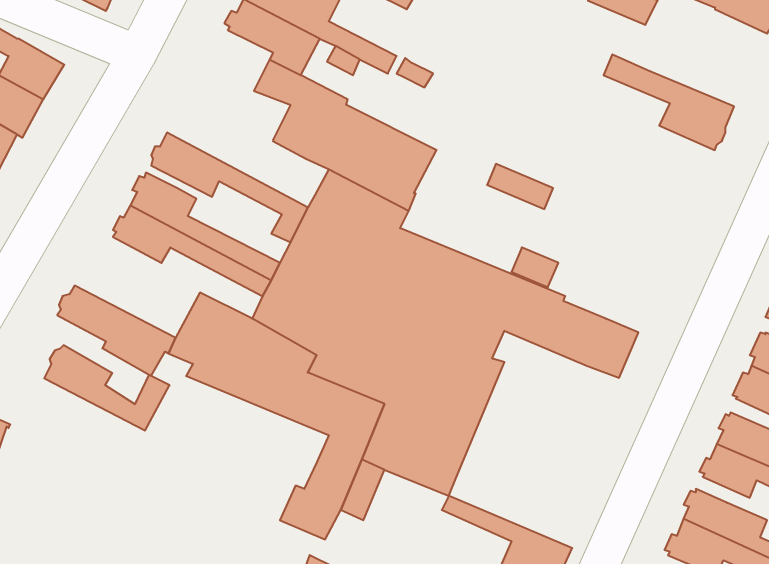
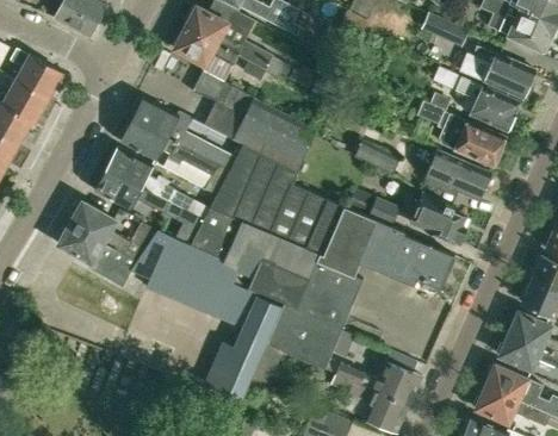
building: none -> [473,45,535,99]
building: none -> [132,99,234,172]
building: none -> [418,102,506,166]
building: none -> [427,151,490,201]
building: none -> [411,194,466,245]
building: [44,345,170,430] -> [69,203,155,261]
building: none -> [326,357,422,405]

